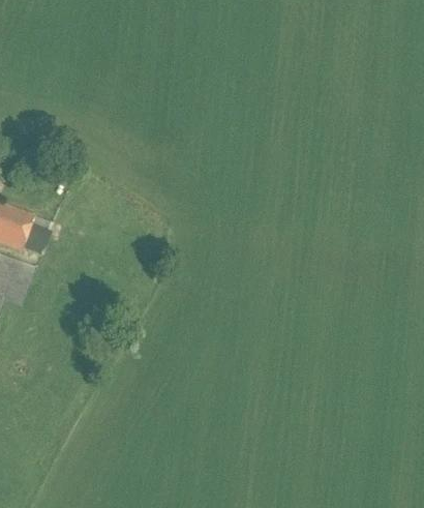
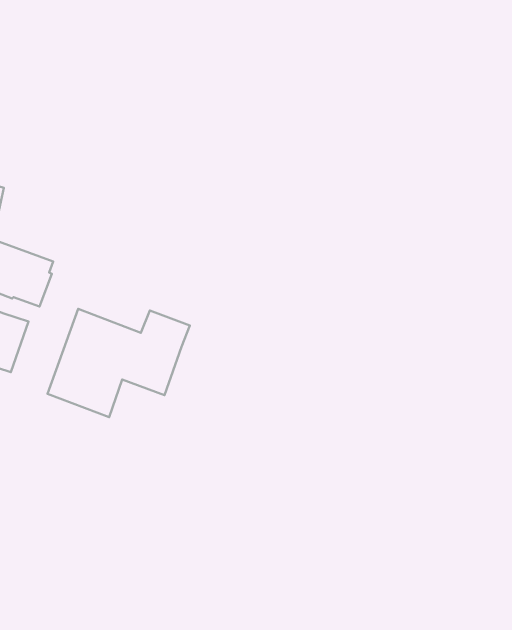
building: none -> [48,309,190,417]

